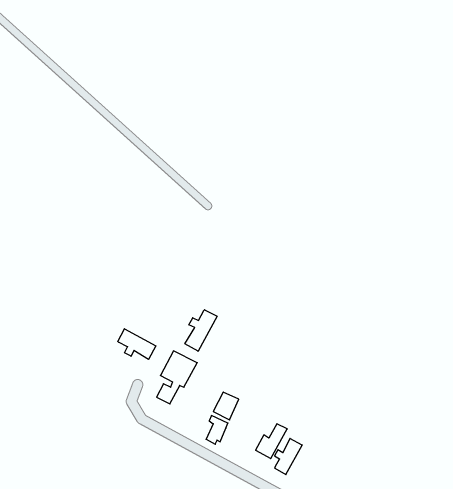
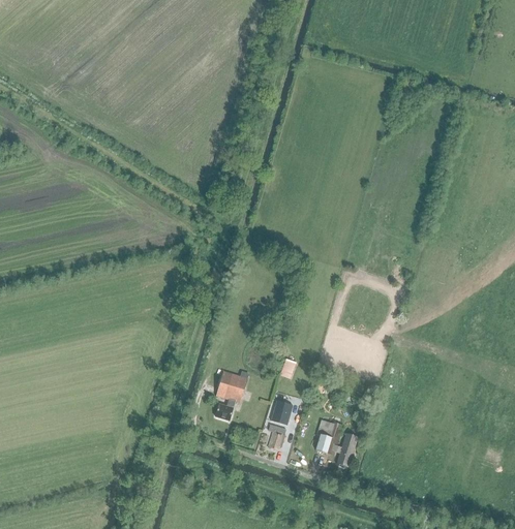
building: [185,310,217,351] -> none
building: [118,329,156,359] -> none

